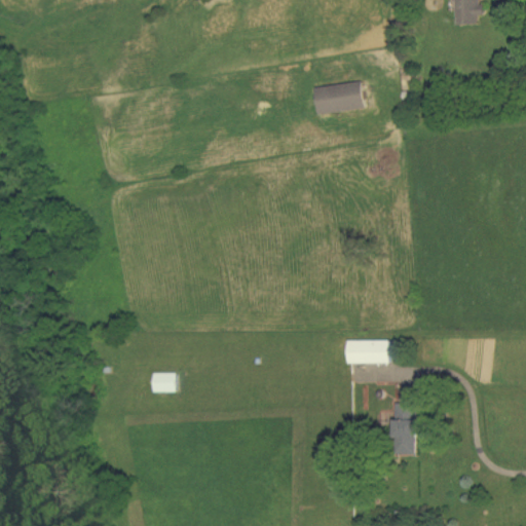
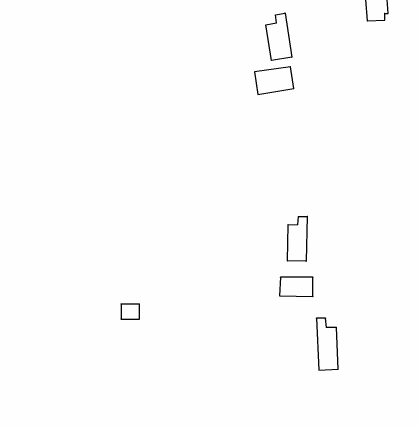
building: none -> [266,13,292,60]
building: none -> [288,216,307,261]

